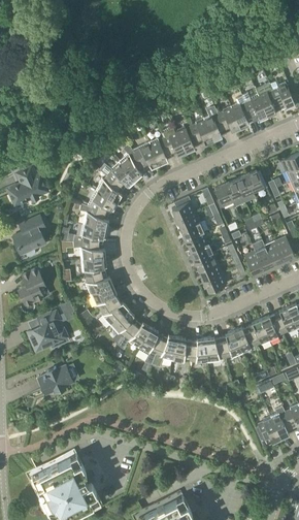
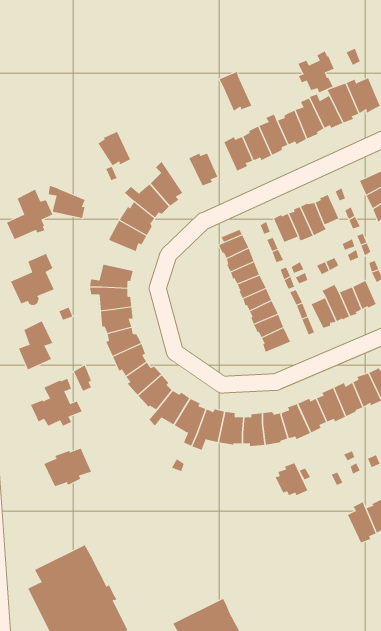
building: none -> [297,51,335,93]
building: [160,126,186,157] -> [219,71,252,111]
building: [133,142,159,169] -> [97,131,131,166]
building: [79,203,108,229] -> [48,185,85,219]
building: [255,417,280,443] -> [275,462,308,496]

